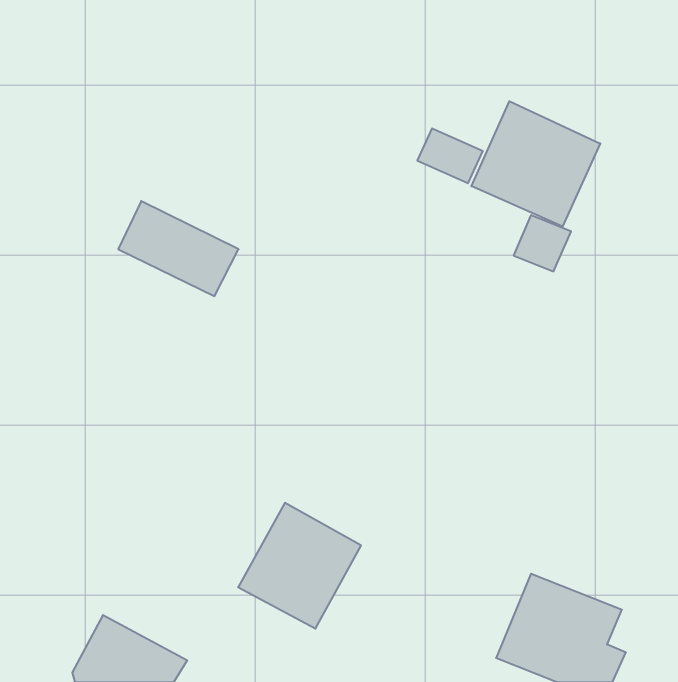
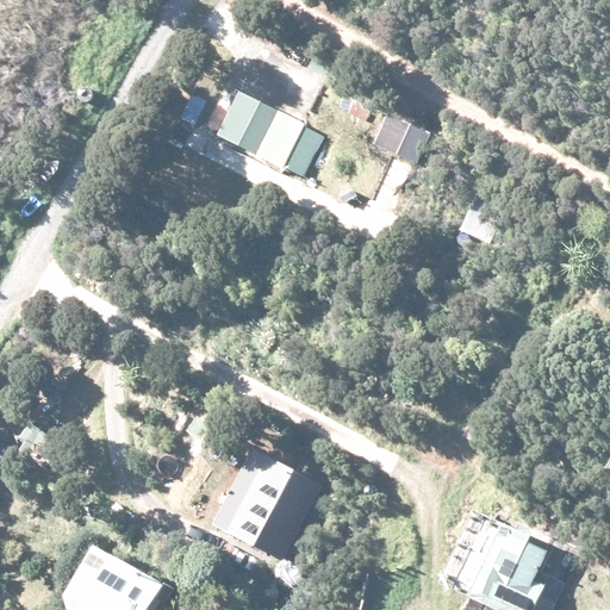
building: [471,101,600,227] -> none
building: [118,201,239,296] -> [216,93,323,178]

